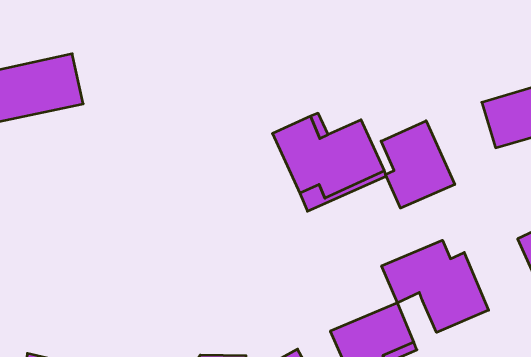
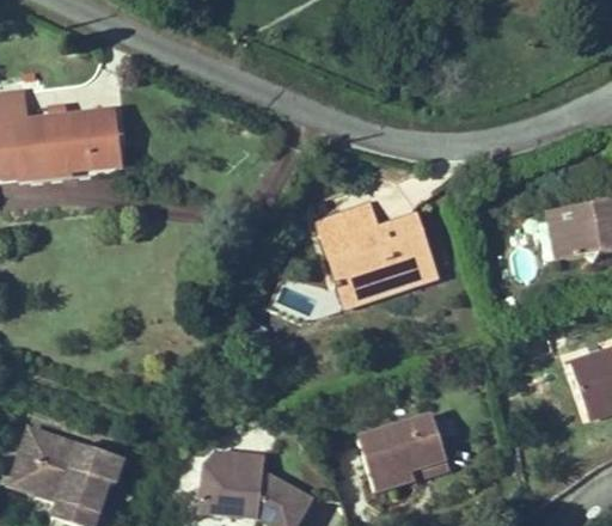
building: [381,121,455,208] -> none
building: [382,240,489,332] -> none

